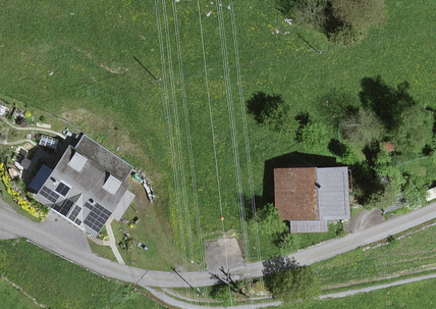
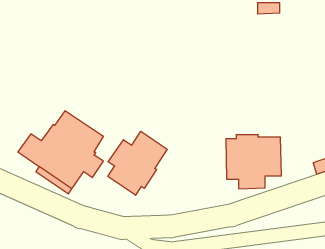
building: none -> [108,131,167,195]

